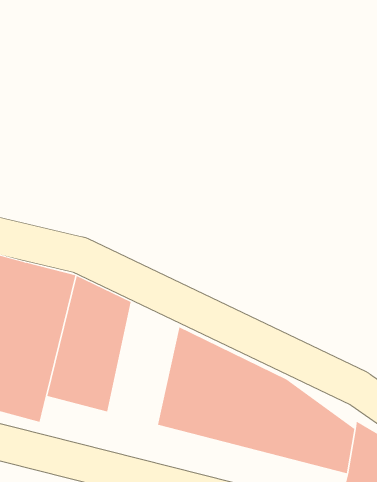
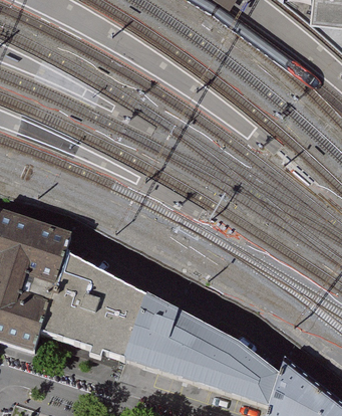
building: none -> [86,263,144,359]

